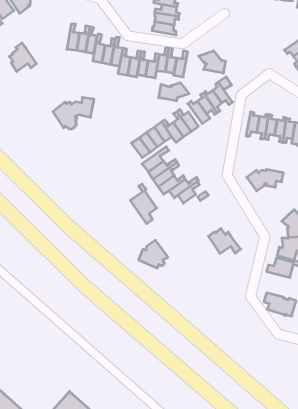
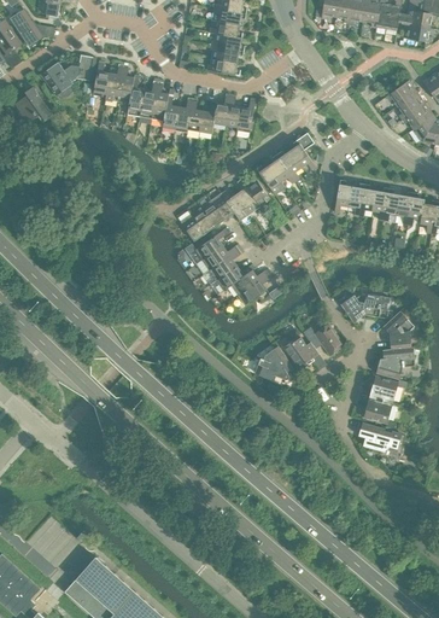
building: [199,51,225,73] -> none
building: [159,83,189,101] -> none
building: [53,97,94,129] -> [41,54,96,97]
building: [247,169,283,191] -> [340,292,390,321]
building: [130,184,157,224] -> none
building: none -> [304,322,344,355]
building: [139,240,168,268] -> [254,345,294,383]
building: none -> [359,393,396,427]

